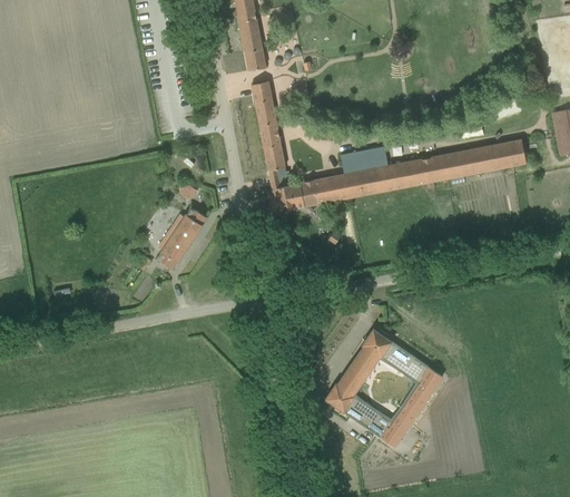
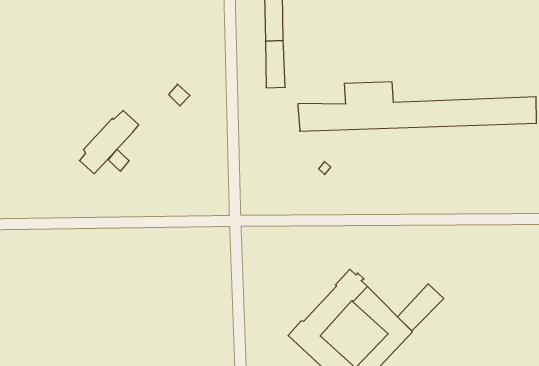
building: [267,167,305,212] -> none
building: [157,205,207,269] -> [79,110,139,174]
building: none -> [398,284,444,331]

